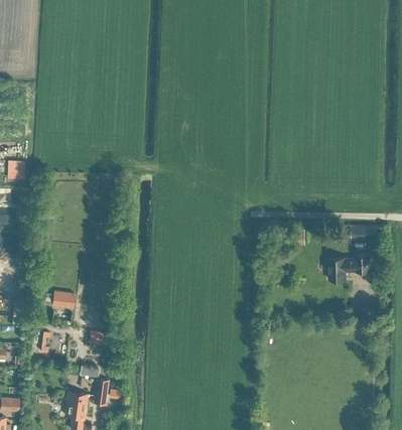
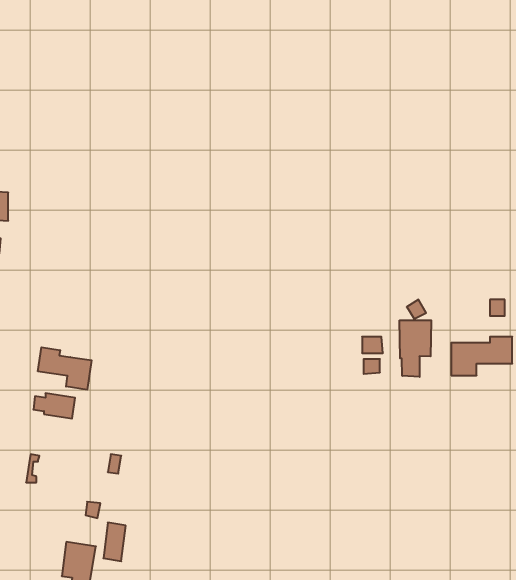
building: none -> [400,320,431,377]
building: none -> [38,347,92,390]

